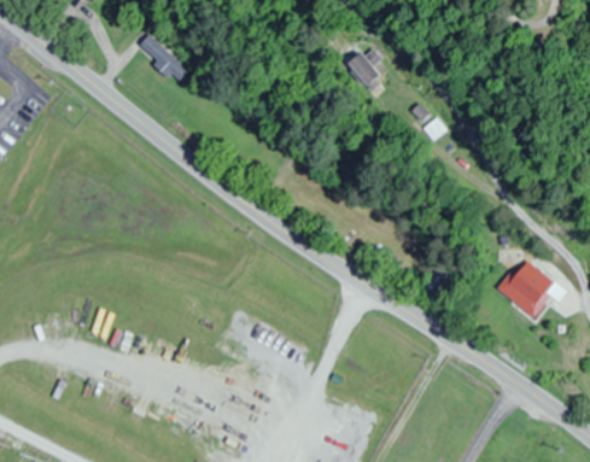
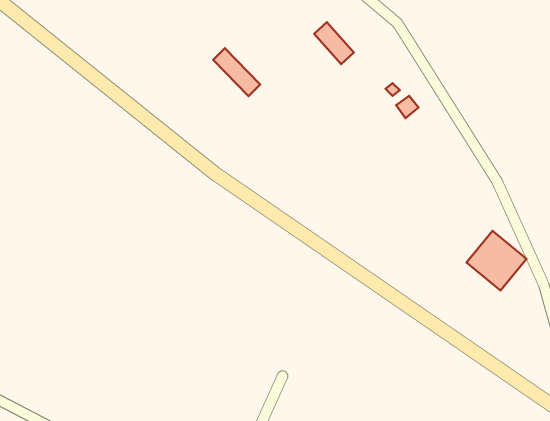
building: [139,34,187,83] -> [213,48,260,96]

